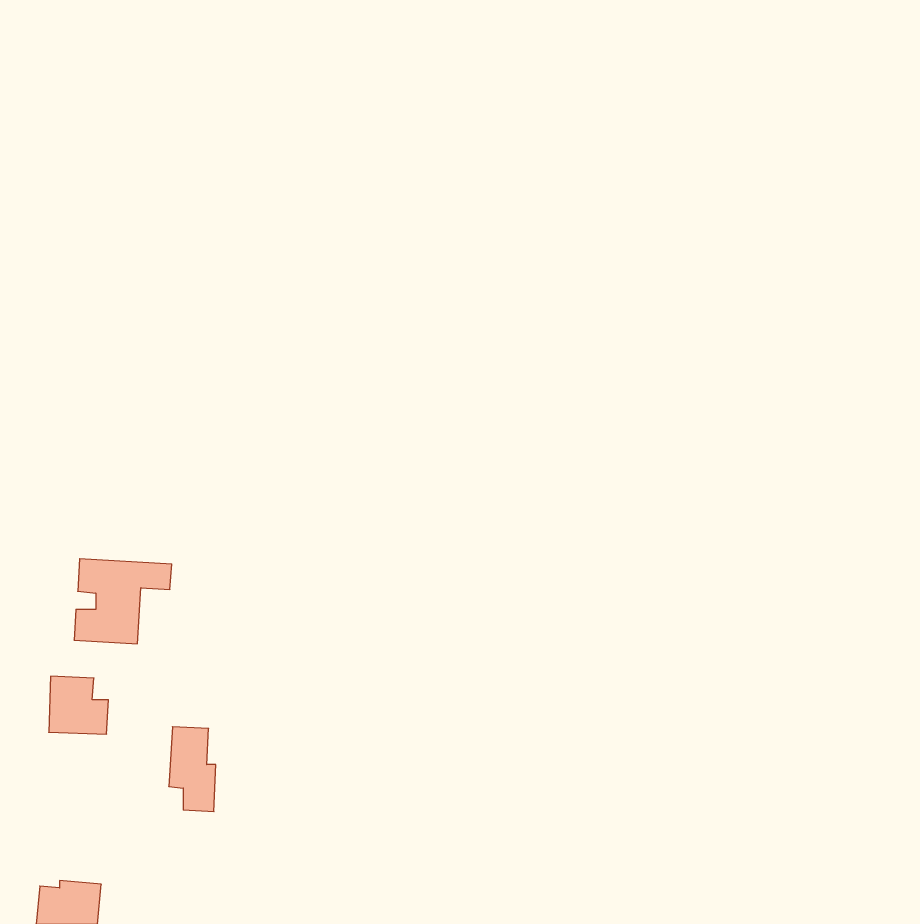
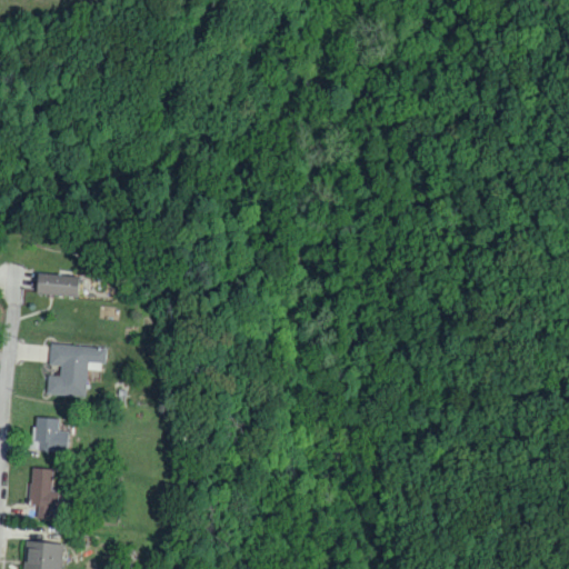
building: none -> [38,273,79,295]
building: [169,727,216,812] -> [30,467,59,519]

